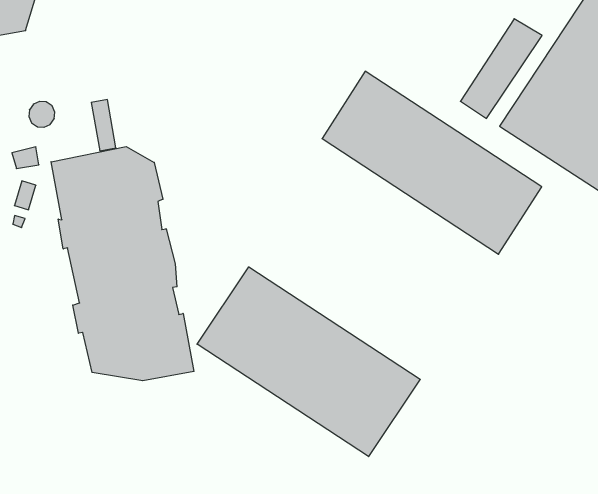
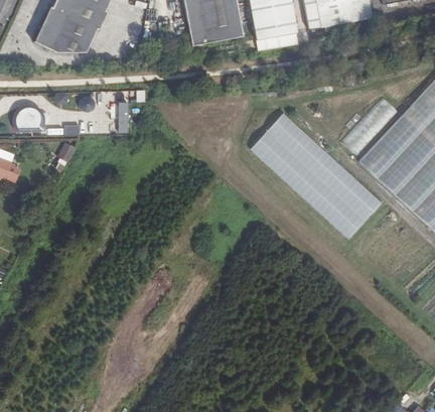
building: [51,147,194,381] -> none
building: [197,267,420,457] -> none

